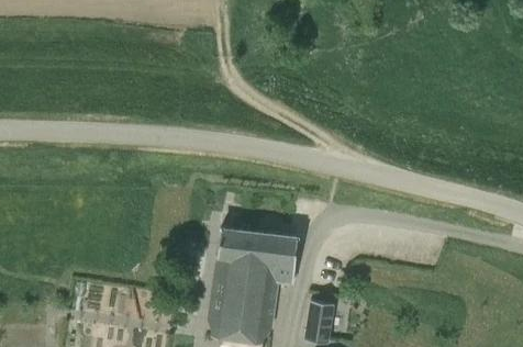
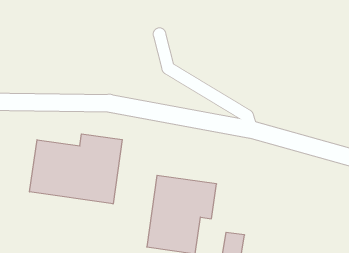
building: none -> [30,134,122,204]

